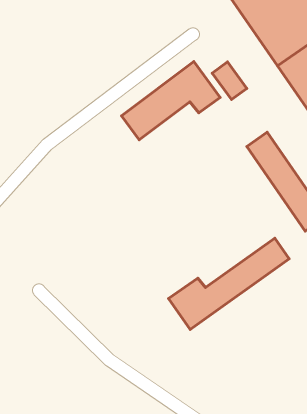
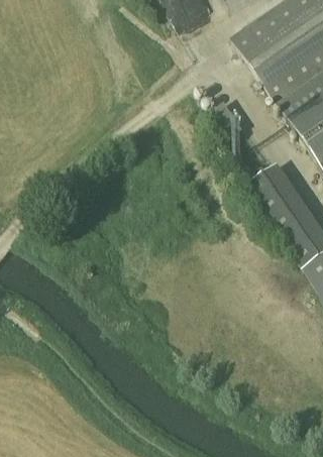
building: [122,62,220,140] -> none
building: [168,238,289,329] -> none

